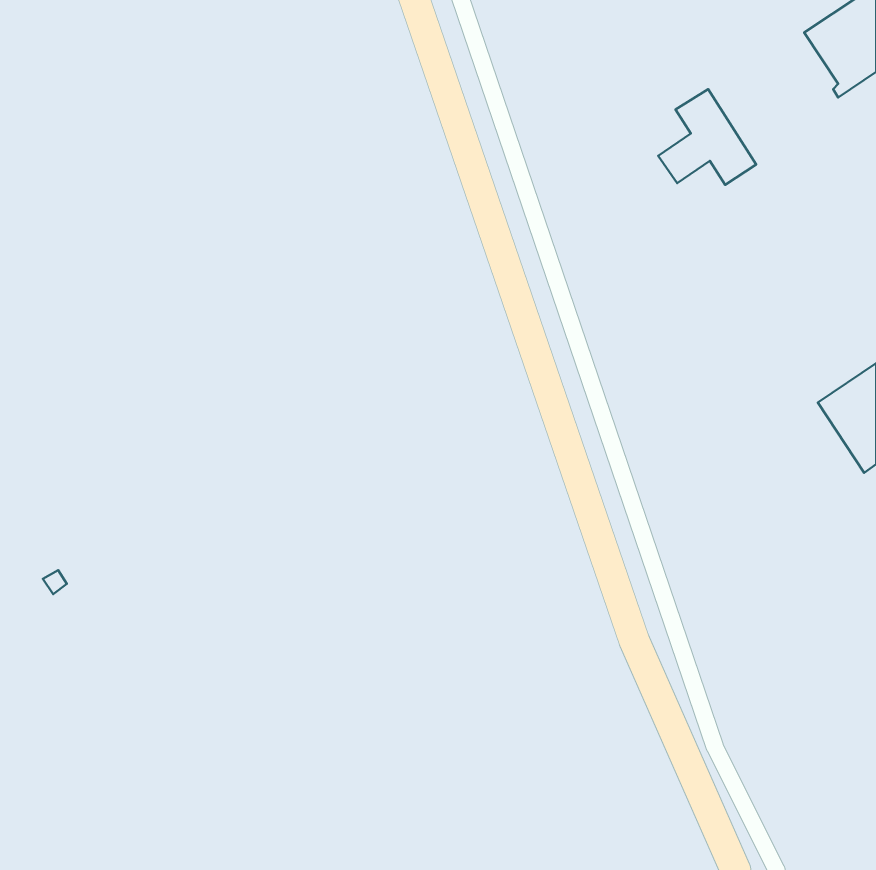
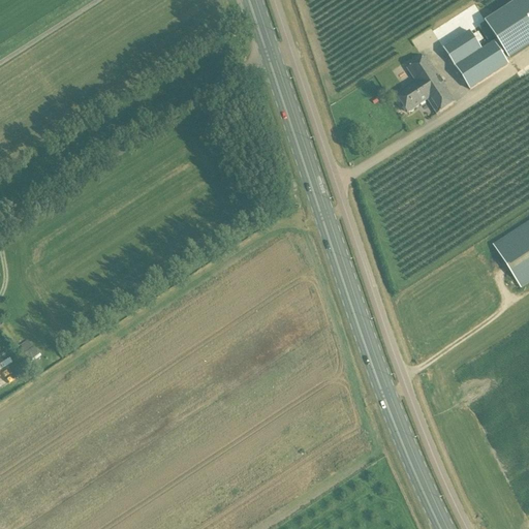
building: none -> [443,29,508,88]

